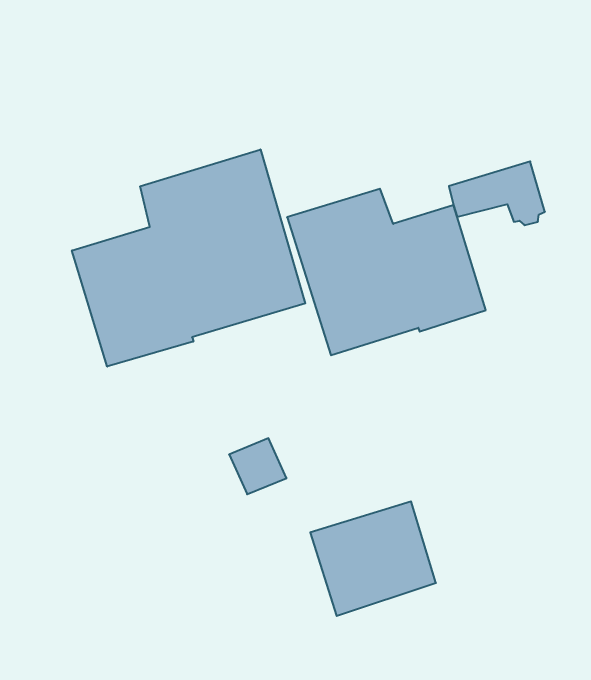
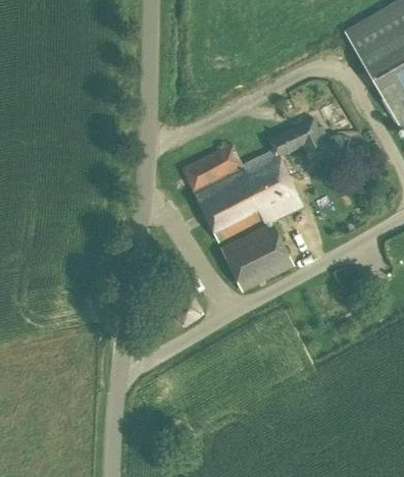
building: [72,149,305,367] -> none
building: [310,501,436,616] -> [220,222,294,292]

